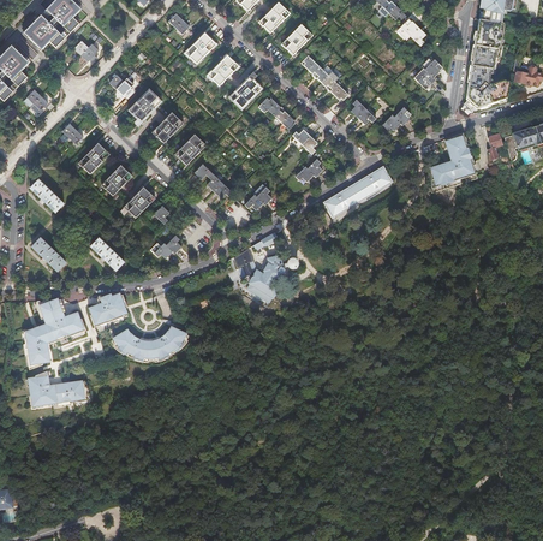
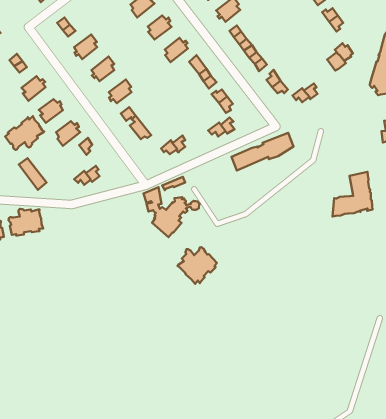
building: [430,132,475,188] -> [333,172,373,216]
building: none -> [5,116,44,150]
building: none -> [178,247,217,284]
building: [113,327,187,359] -> none

